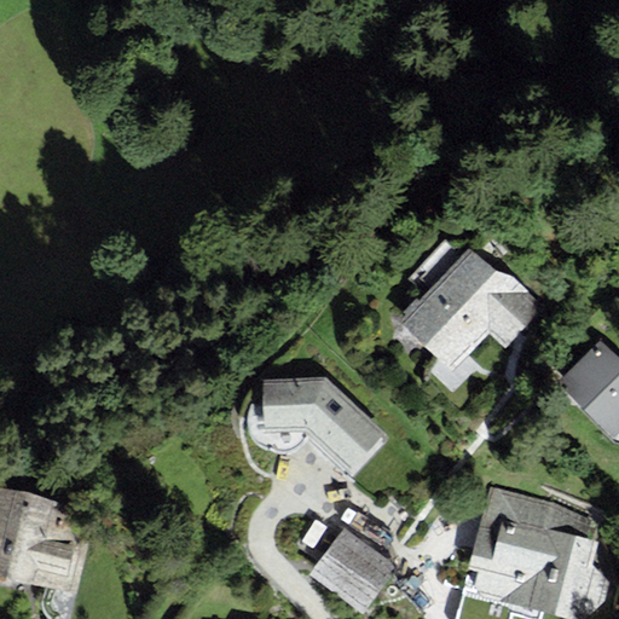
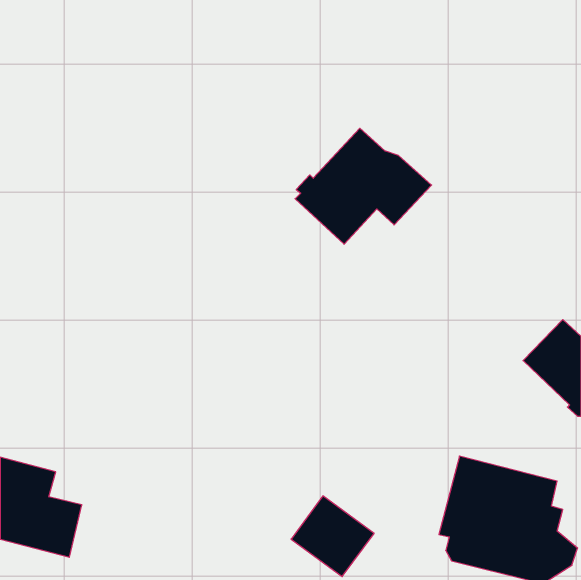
building: [400,247,545,370] -> [295,128,432,244]
building: [264,378,386,473] -> none

